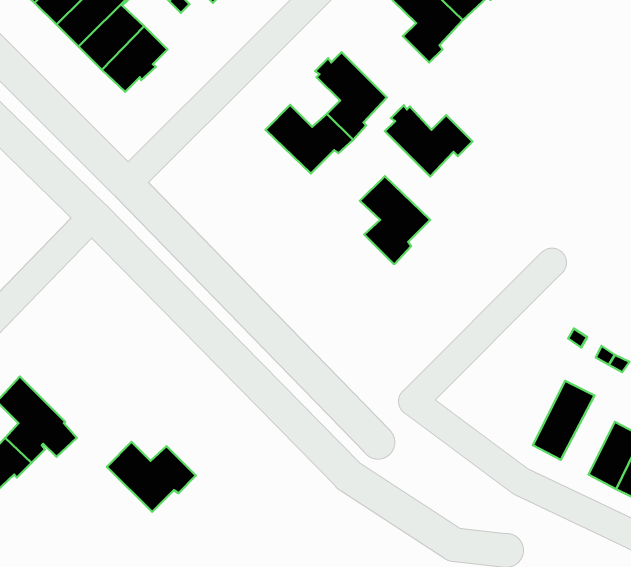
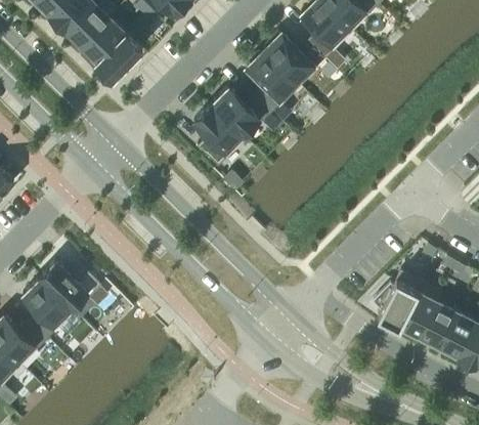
building: [385,105,473,177] -> [264,35,325,85]
building: [360,176,430,264] -> [193,108,243,169]
building: none -> [373,273,421,329]
building: none -> [418,294,455,349]
building: [107,442,196,512] -> [39,263,101,312]

